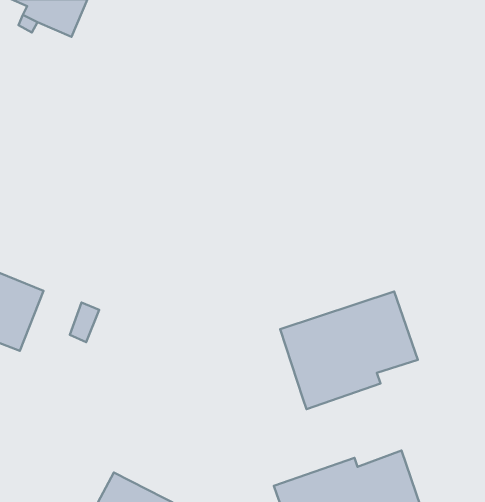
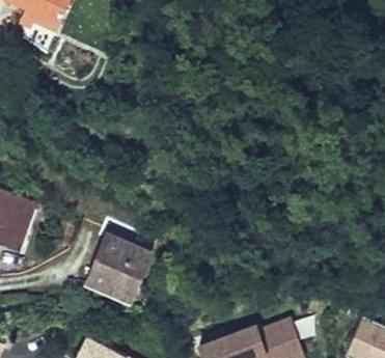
building: [280,291,418,409] -> none
building: none -> [86,229,150,294]

